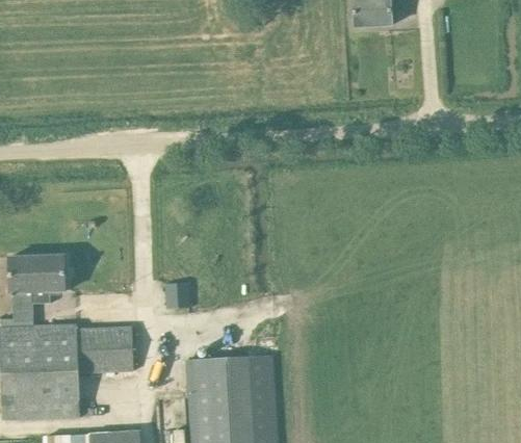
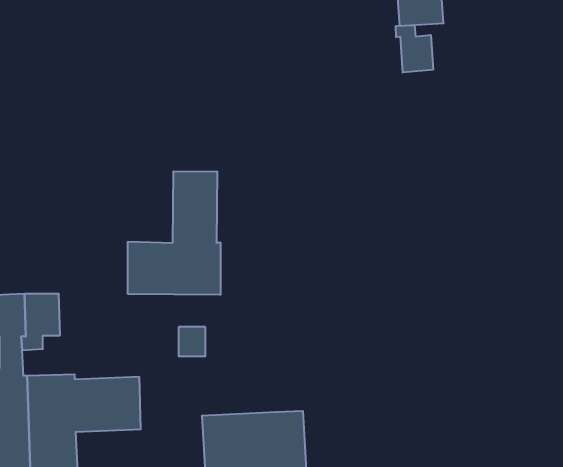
building: none -> [396,25,433,73]
building: none -> [128,171,220,295]

